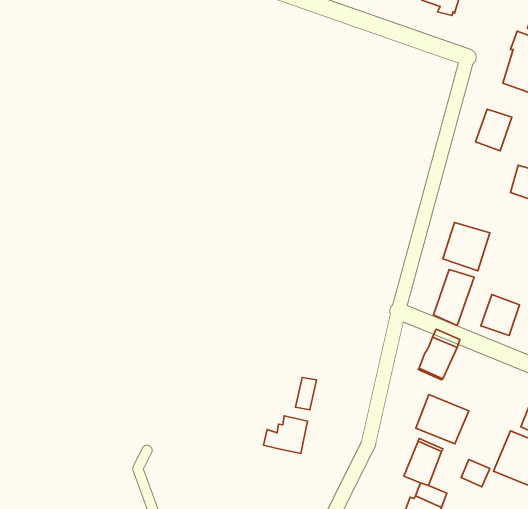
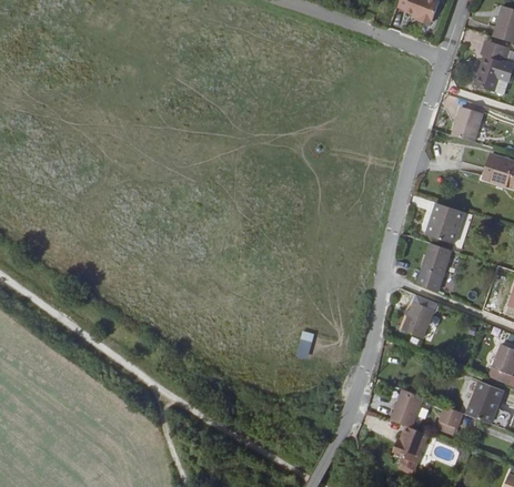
building: [481,294,520,335] -> none
building: [416,395,469,444] -> none
building: [264,416,308,453] -> none

